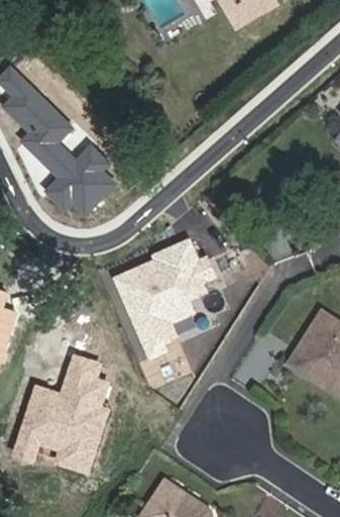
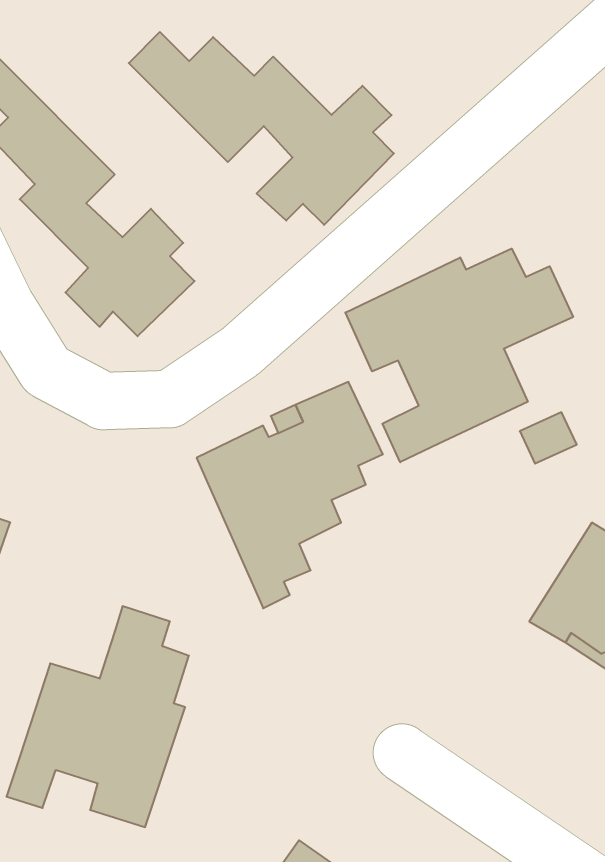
building: none -> [129,32,394,225]
building: none -> [345,249,573,462]

